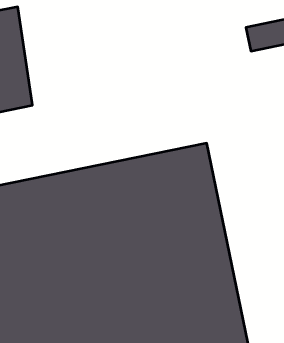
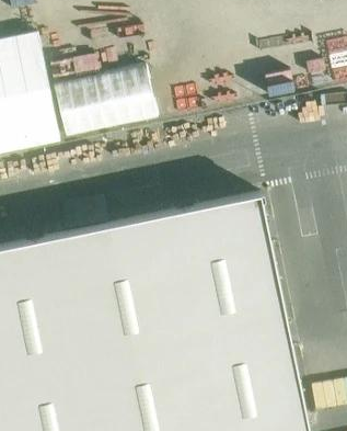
building: none -> [57,63,160,134]

